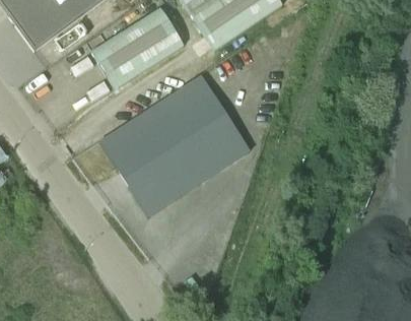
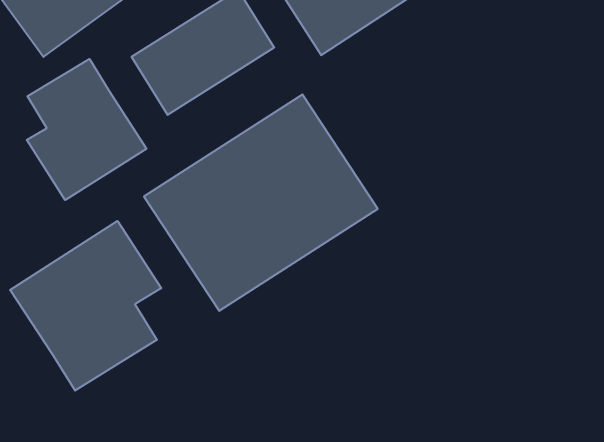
building: none -> [27,59,146,200]
building: none -> [10,221,161,391]

